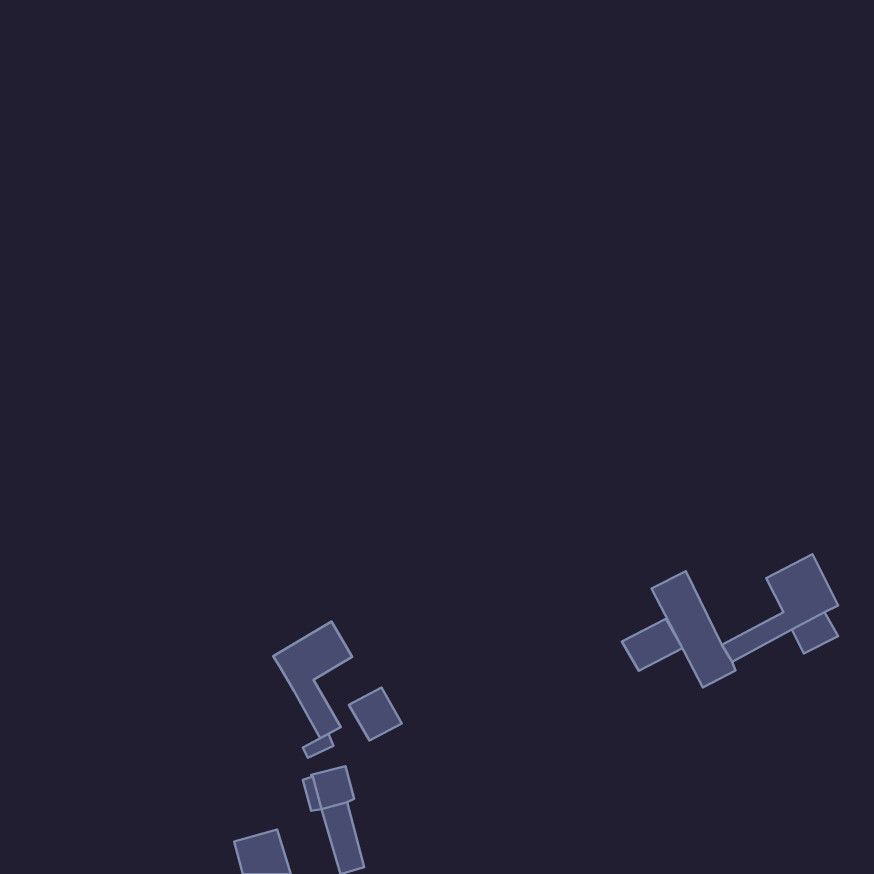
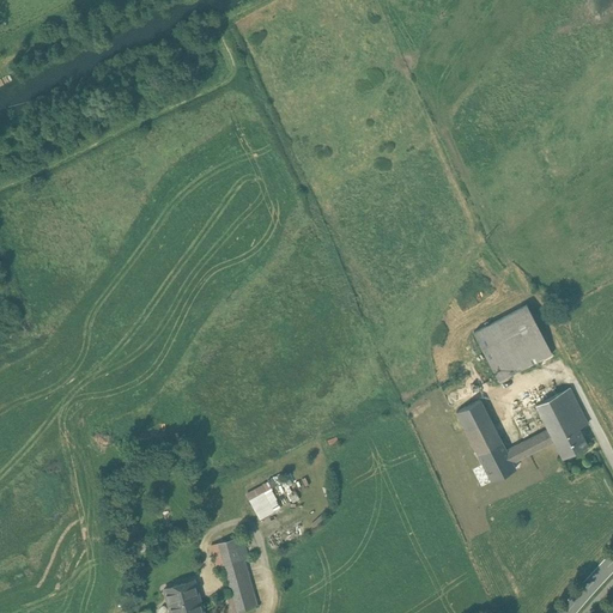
building: none -> [473,305,552,382]
building: [622,619,683,671] -> none
building: [273,621,352,738] -> none

